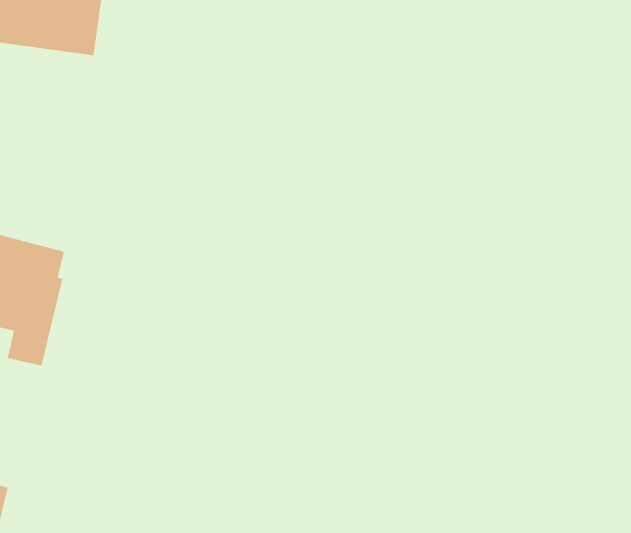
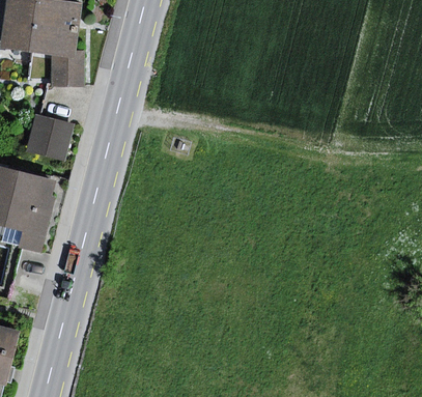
building: none -> [52,51,84,86]
building: none -> [25,114,73,162]

